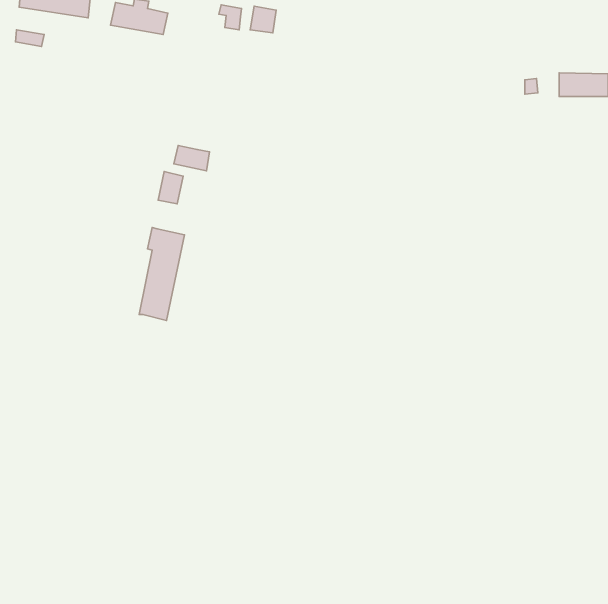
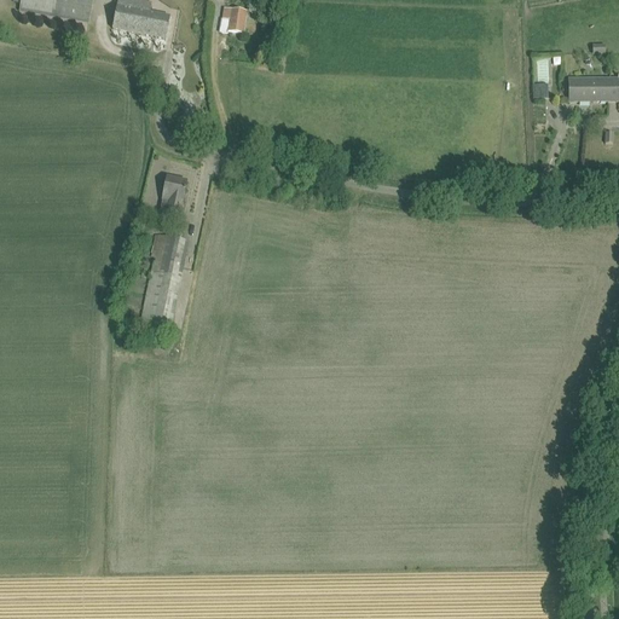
building: [250,6,276,33] -> none
building: [174,146,210,171] -> none

